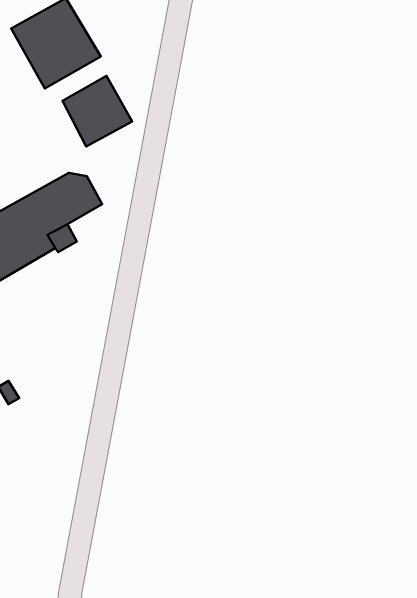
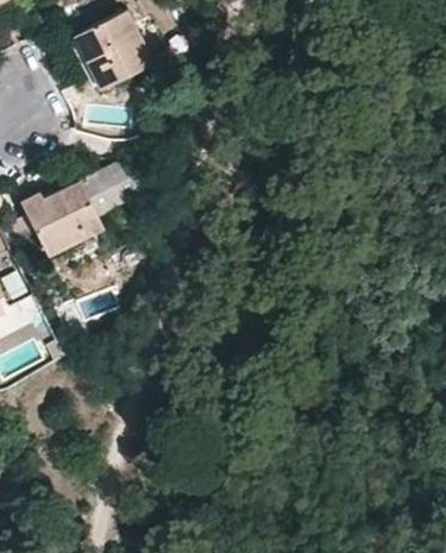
building: [62,76,132,147] -> none

